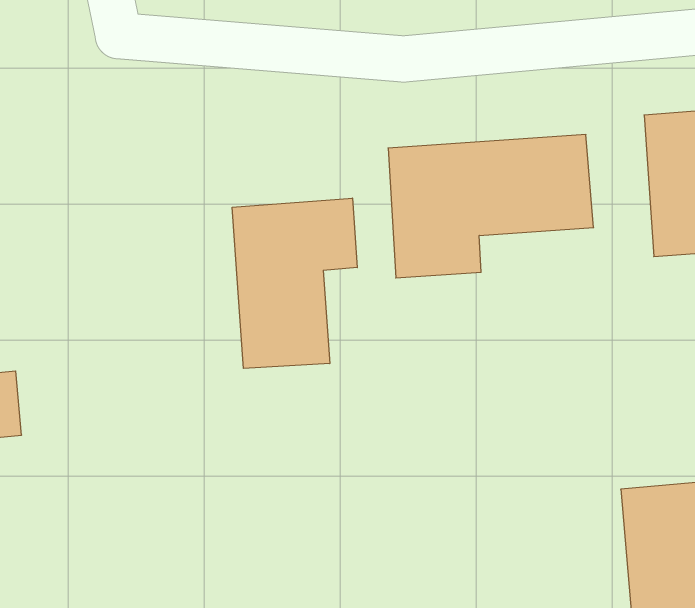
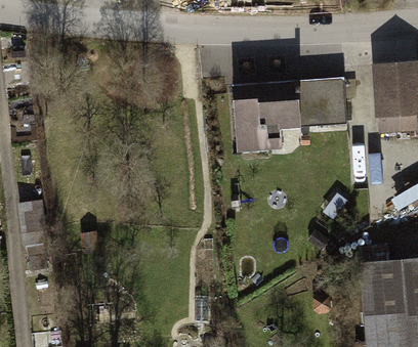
building: [232,198,357,368] -> none

